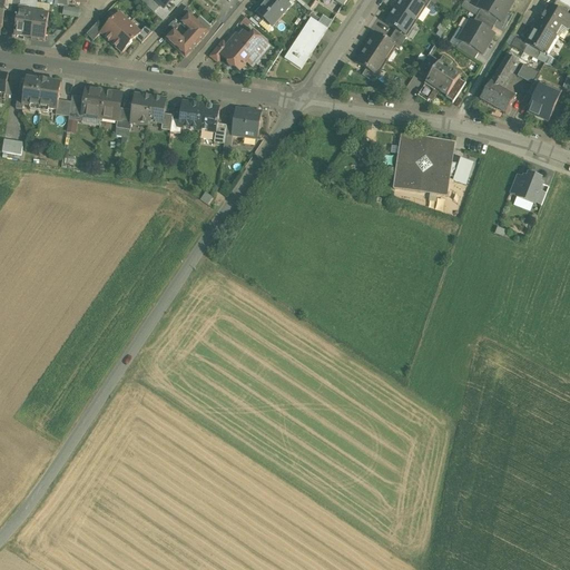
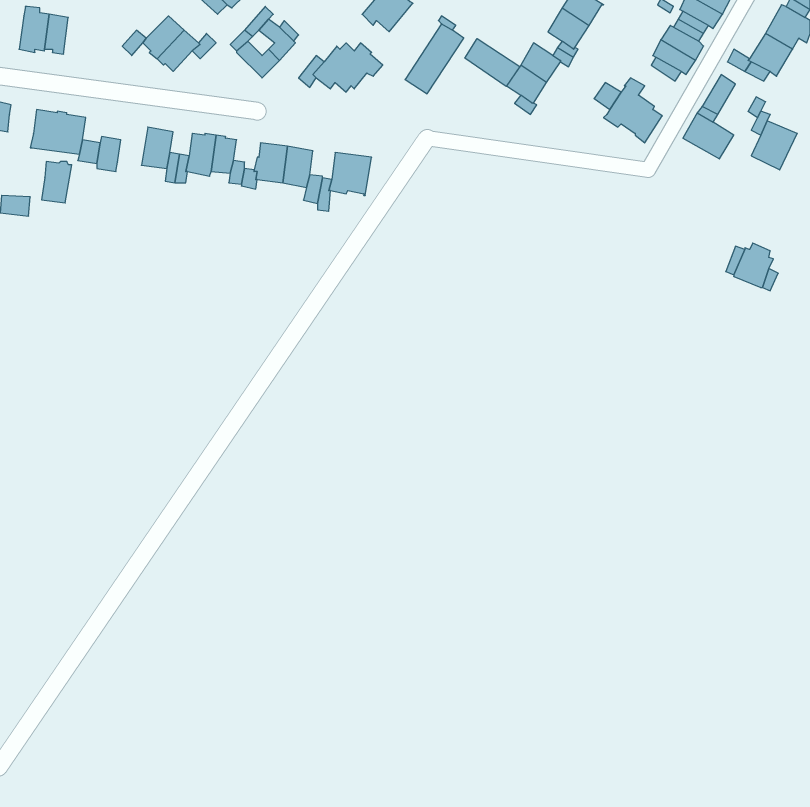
building: none -> [465,39,520,86]
building: [82,87,104,116] -> [42,162,72,203]
building: [392,132,471,194] -> none

